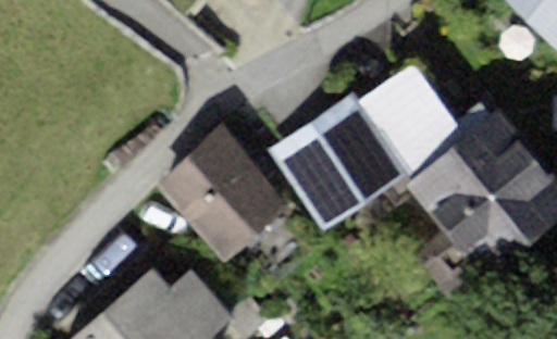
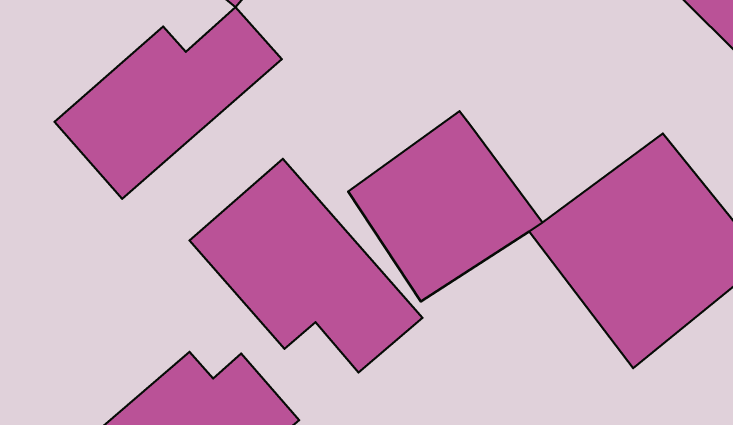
building: none -> [54,7,282,199]
building: [359,62,500,173] -> none

